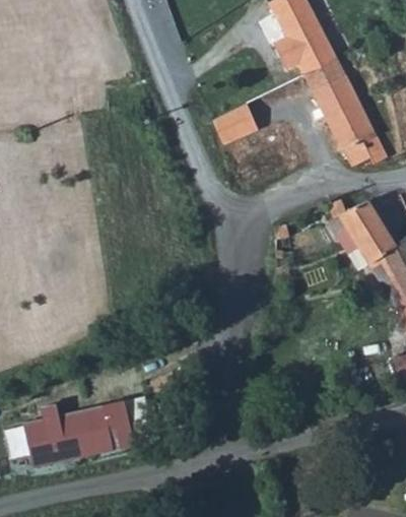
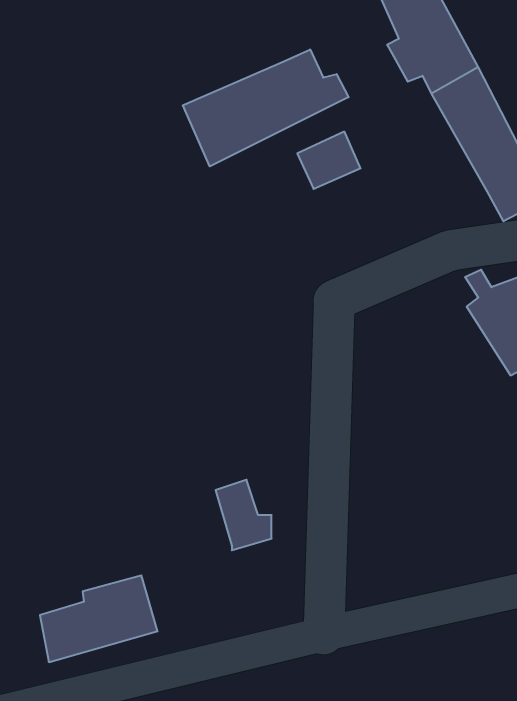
building: none -> [183,49,349,166]
building: [105,402,143,451] -> [216,480,272,550]

